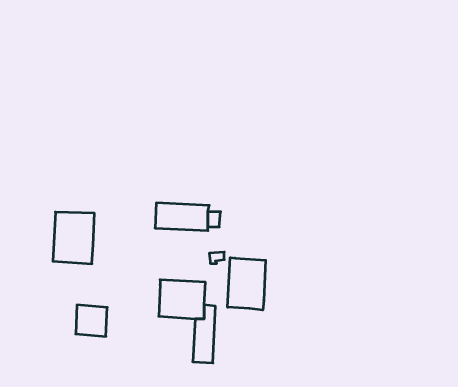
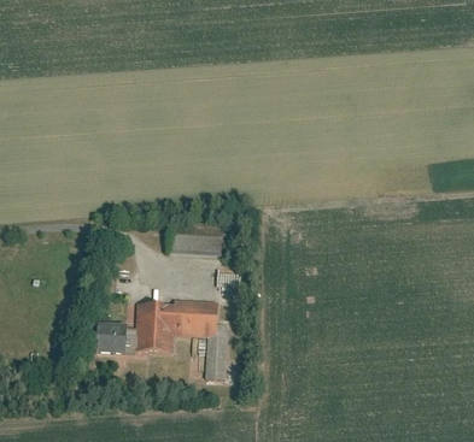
building: [53,212,94,264] -> [135,303,175,353]
building: [228,258,266,310] -> none

